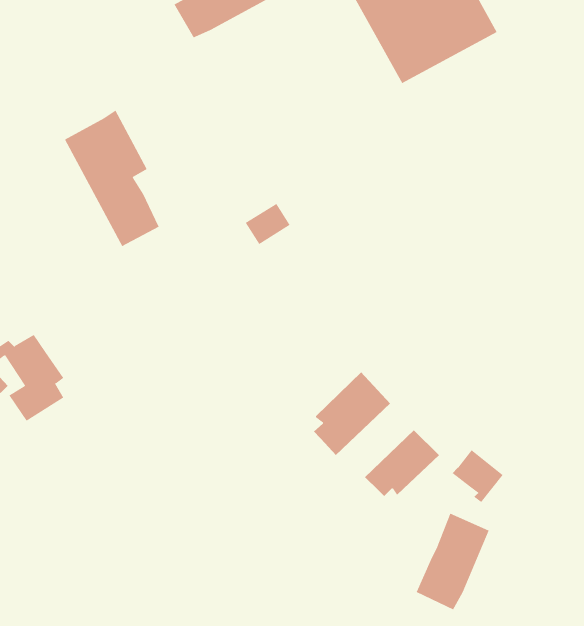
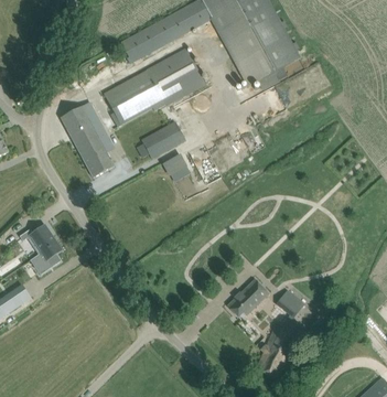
building: none -> [105,49,205,124]
building: none -> [141,121,184,158]
building: [313,372,391,456] -> none

